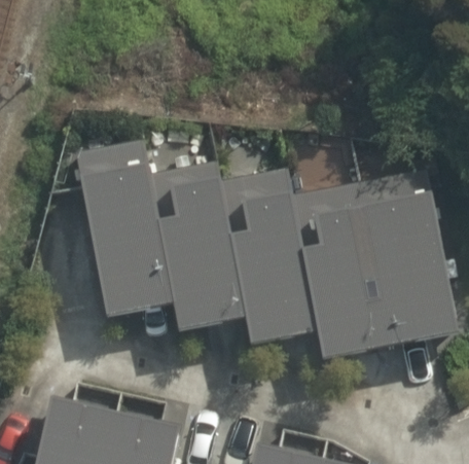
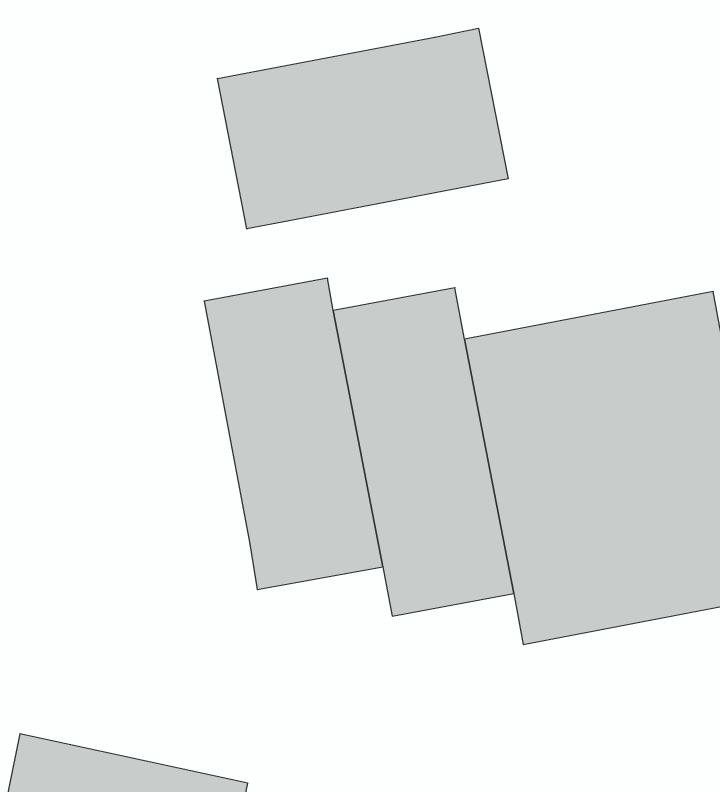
building: none -> [217,28,508,229]
building: [76,138,175,317] -> none

